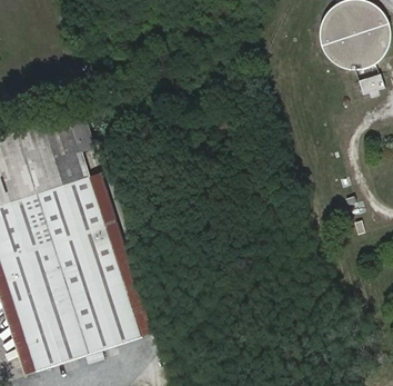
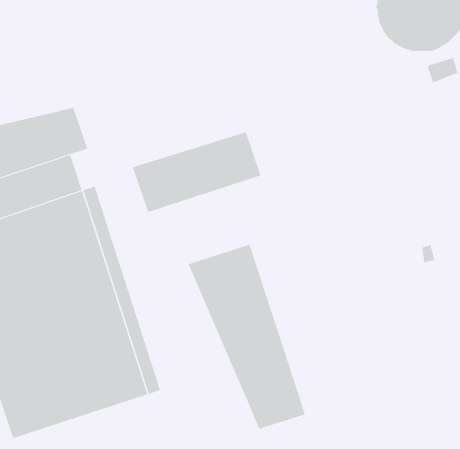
building: none -> [132,131,261,213]
building: none -> [188,244,306,429]

